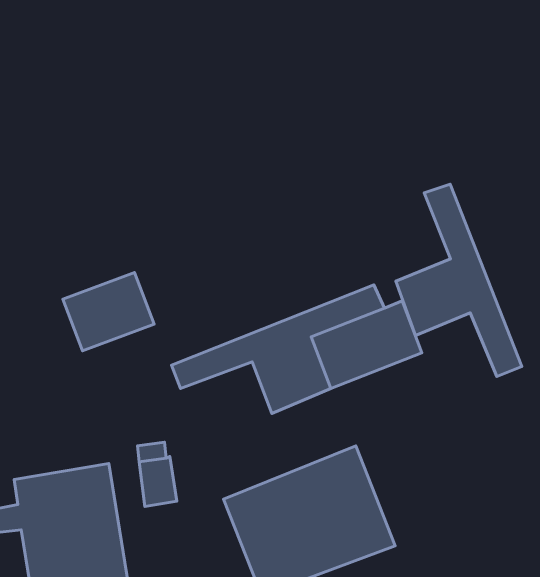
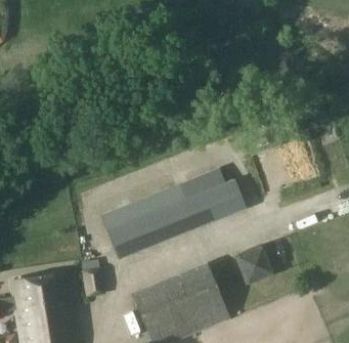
building: [396,184,522,376] -> none
building: [63,272,154,351] -> [107,213,160,258]
building: none -> [236,245,272,284]

